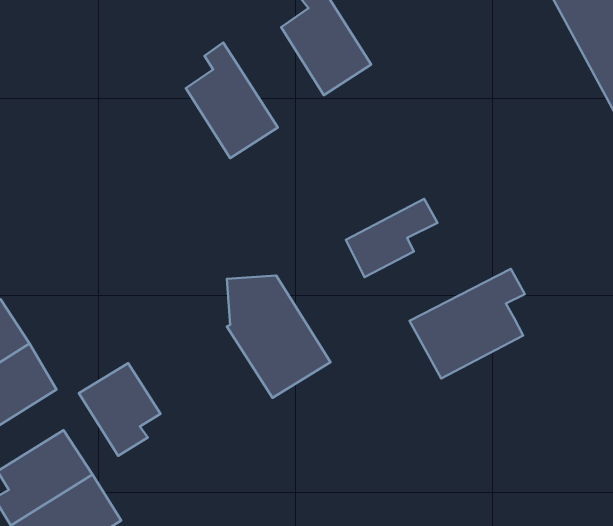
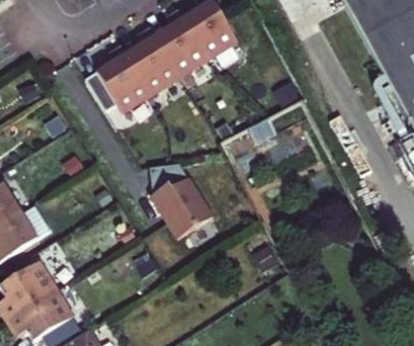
building: none -> [152,8,206,77]
building: none -> [85,46,151,113]
building: [409,269,525,378] -> none
building: [79,363,160,456] -> none

